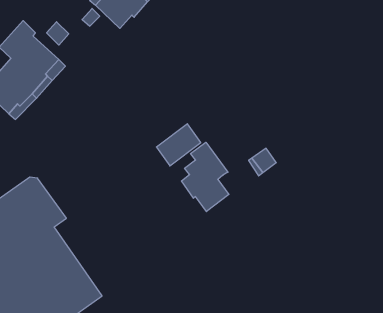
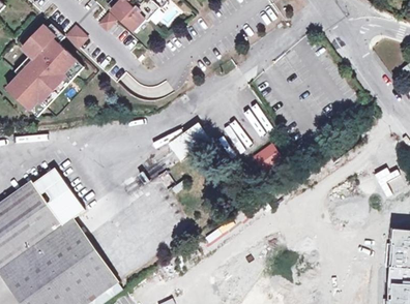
building: [181,142,229,212] -> none

